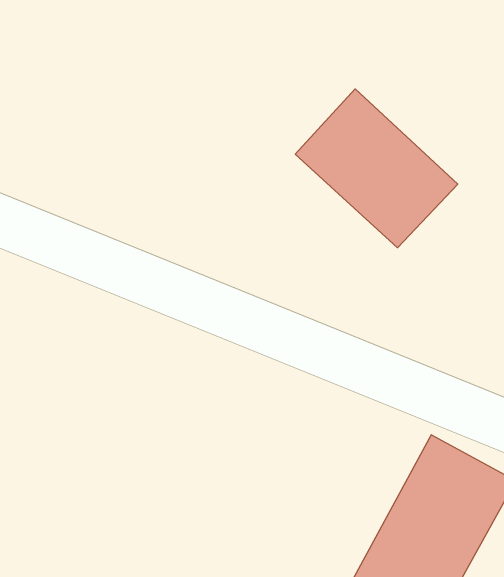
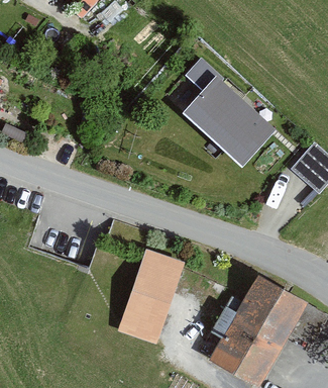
building: none -> [116,249,183,343]

